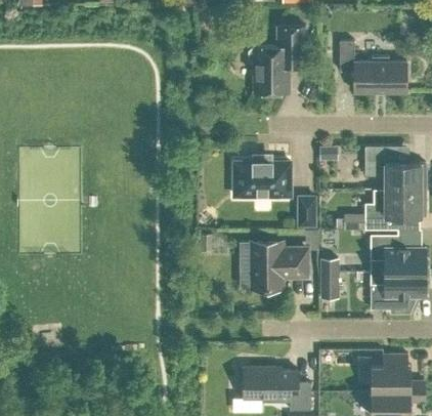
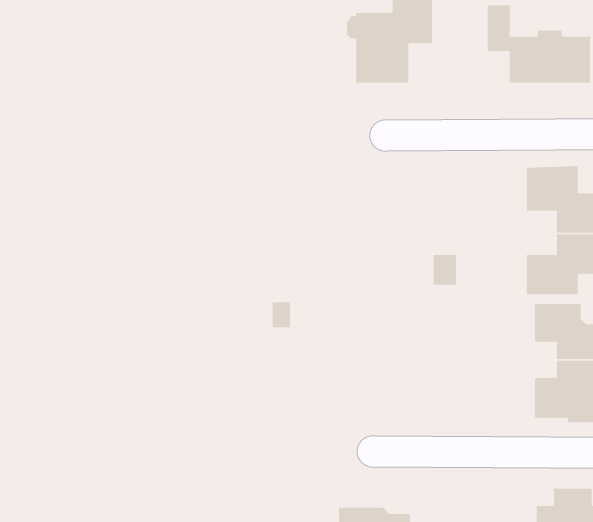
building: [233,162,290,196] -> none
building: [252,242,306,288] -> none
building: [320,259,338,297] -> none

